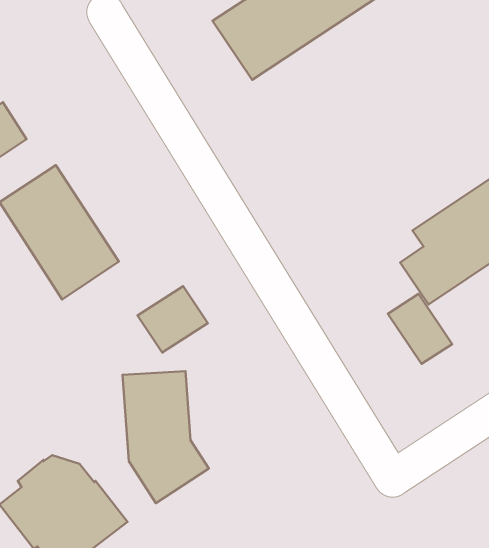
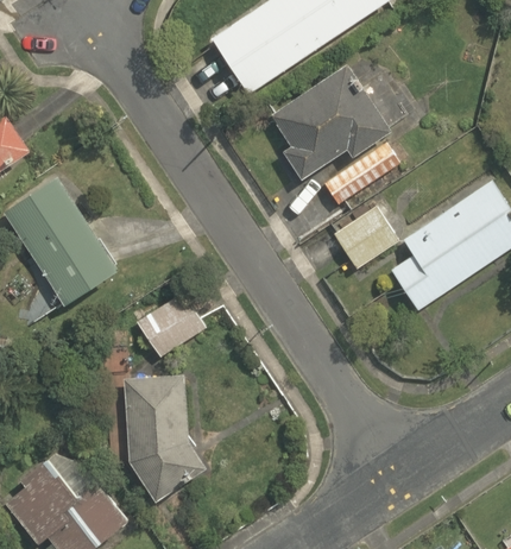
building: none -> [269,63,400,206]
building: none -> [332,206,398,269]
building: [388,294,452,364] -> none

